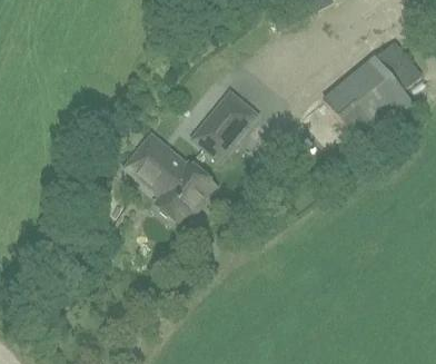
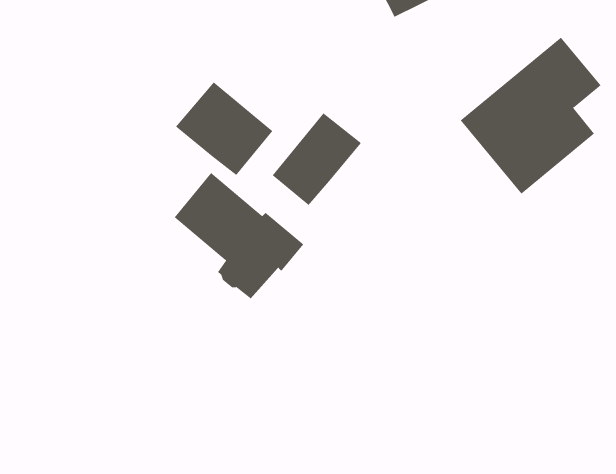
building: none -> [175,81,273,176]

